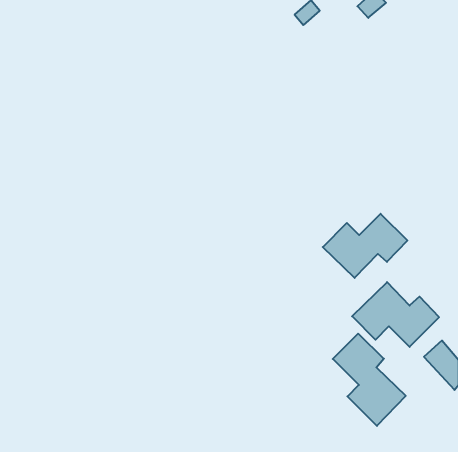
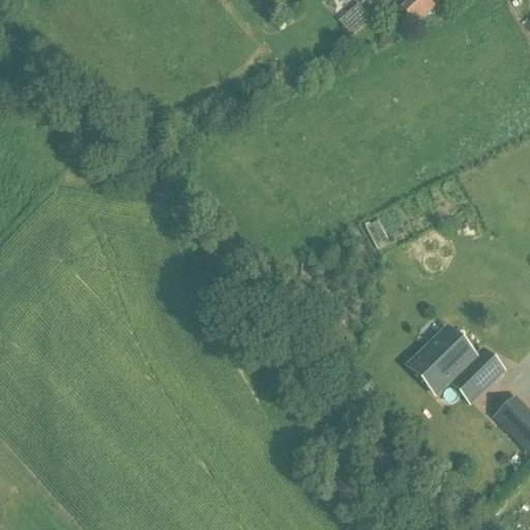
building: [323,214,407,278] -> none
building: [333,334,406,426] -> none

